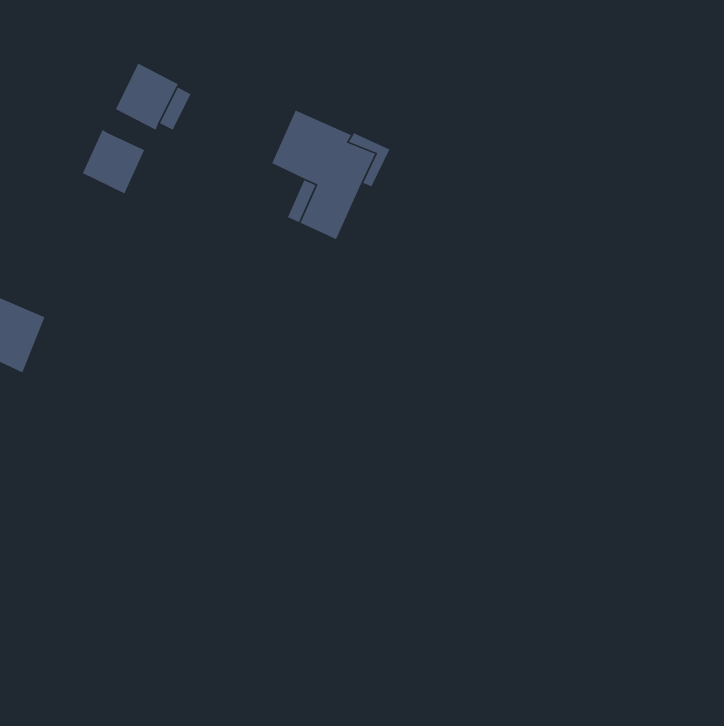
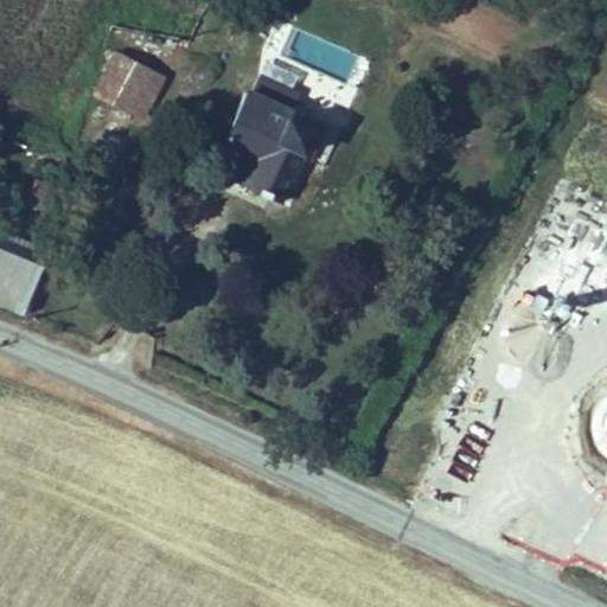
building: [82,129,145,194] -> none

